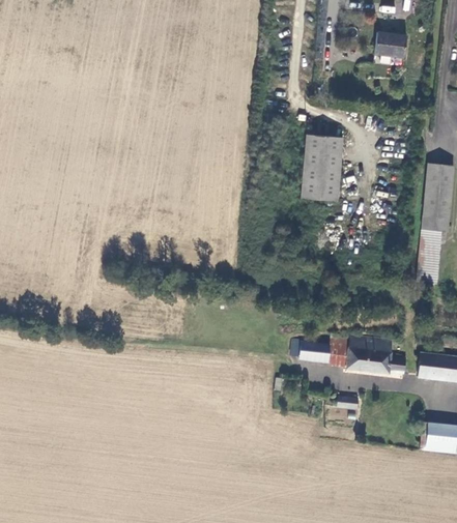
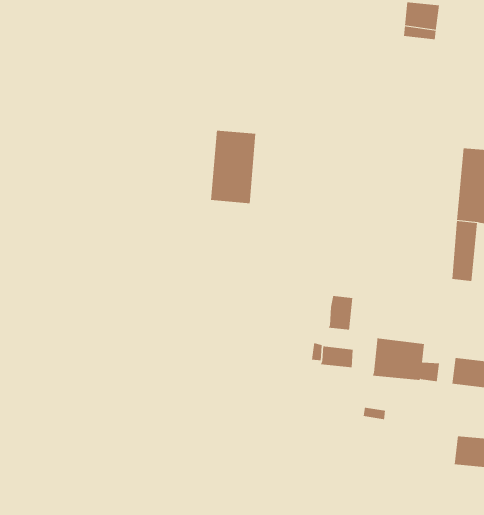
building: [302,135,343,201] -> [210,130,256,204]
building: [327,335,350,366] -> [328,296,353,330]

